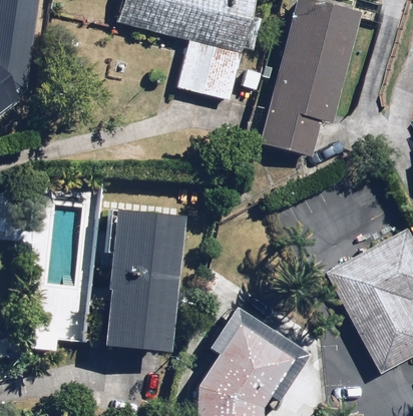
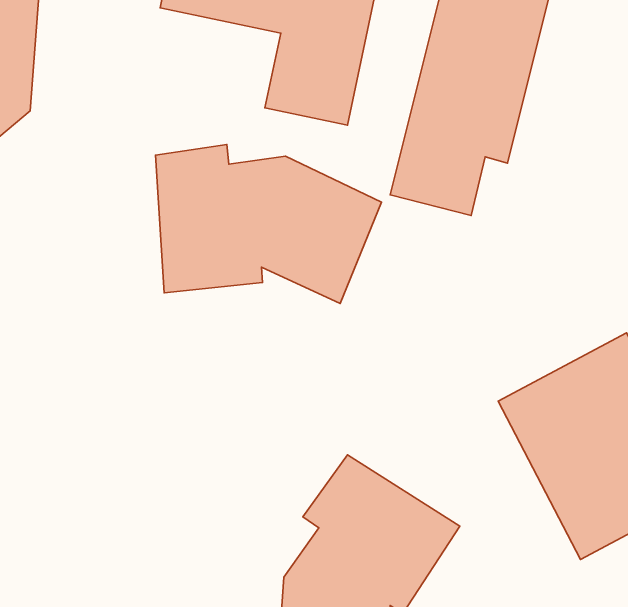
building: none -> [155,144,381,303]
building: [102,214,177,351] -> none

